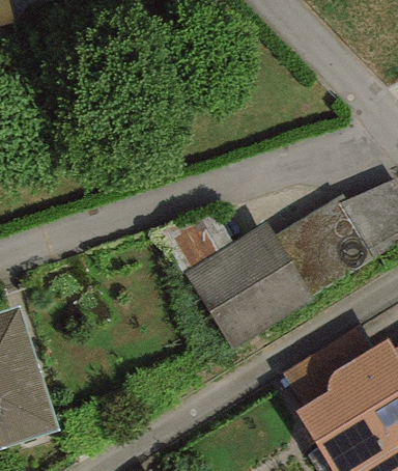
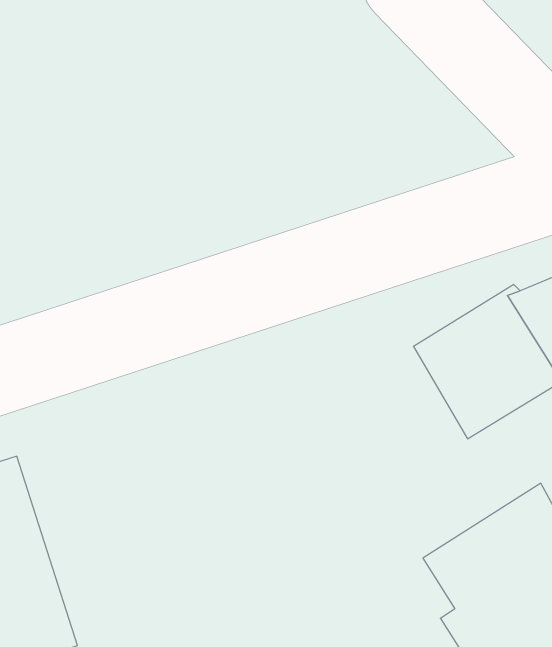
building: [187,220,314,349] -> none

